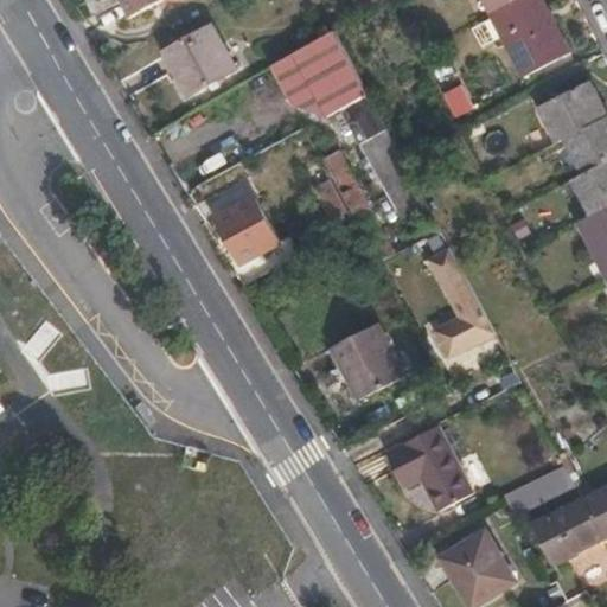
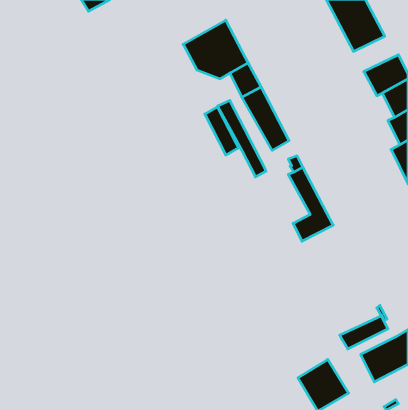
building: [162,24,235,95] -> none
building: [213,196,279,263] -> none
building: [330,322,403,398] -> none
building: [384,424,472,510] -> none

